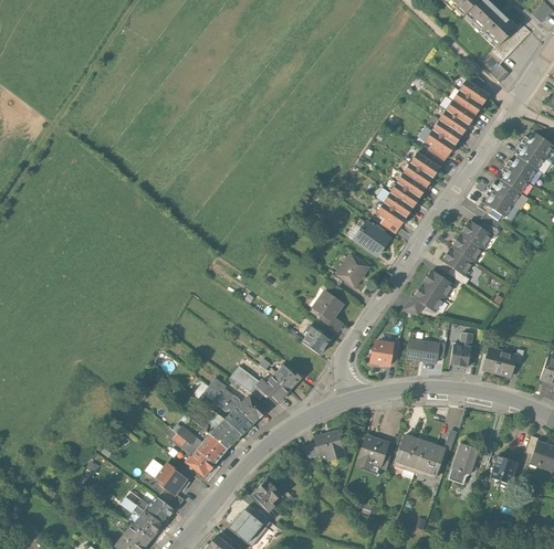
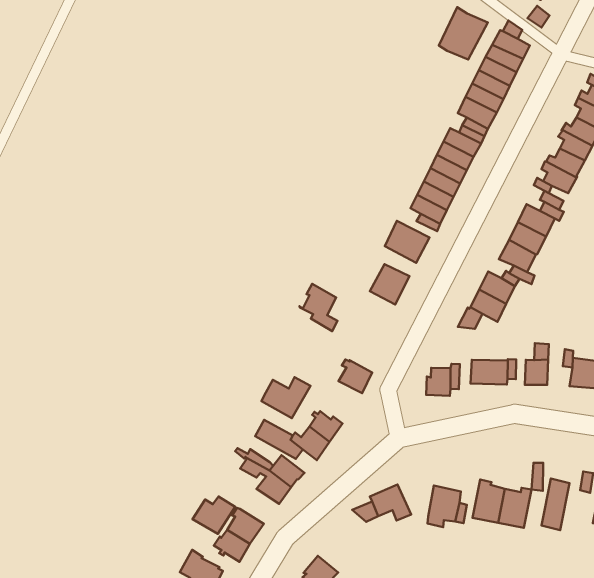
building: none -> [439,7,488,60]
building: [313,291,343,330] -> [300,284,338,331]
building: none -> [261,377,311,418]
building: [210,418,242,448] -> none

